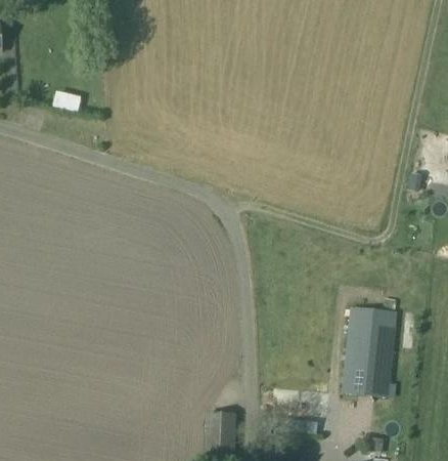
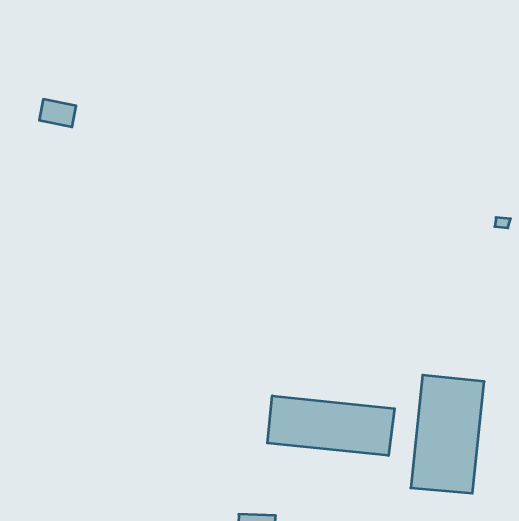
building: none -> [267,396,395,456]

